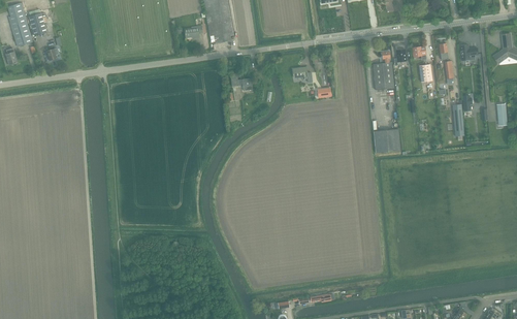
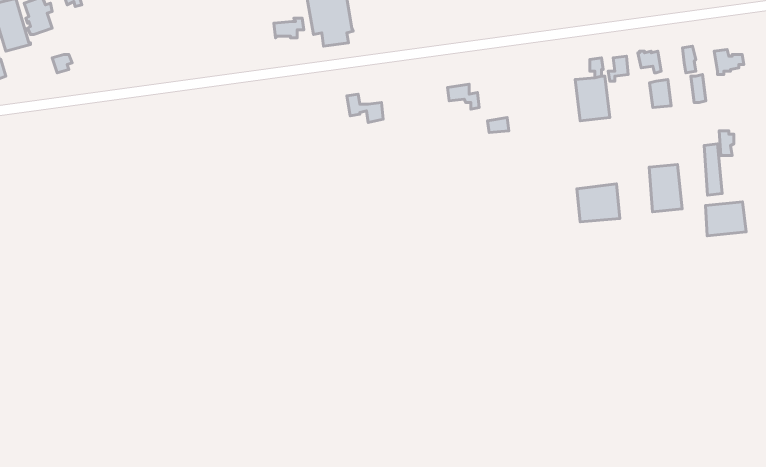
building: none -> [649,164,682,212]
building: none -> [706,202,746,236]

